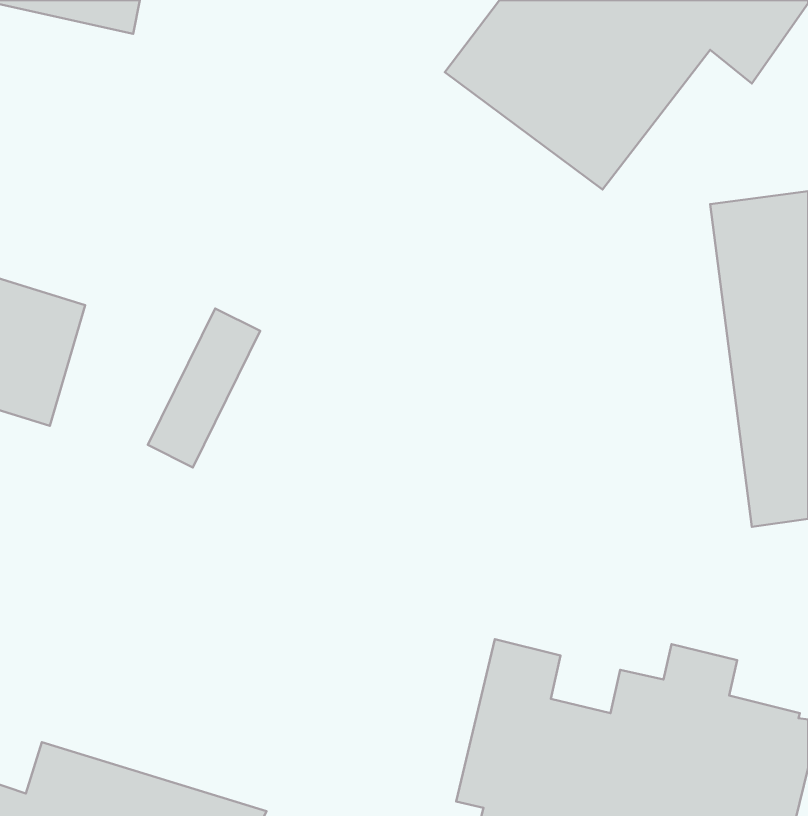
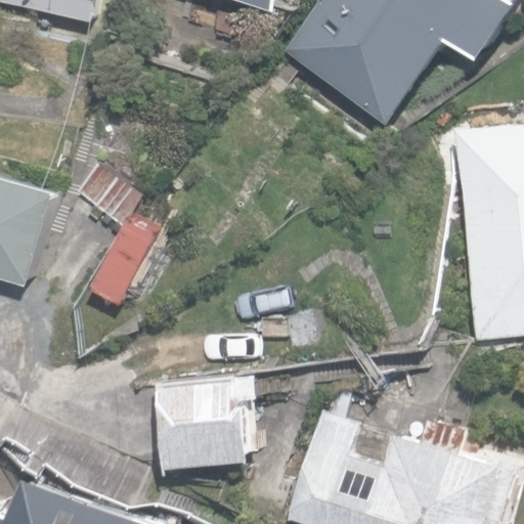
building: none -> [159,372,264,465]

